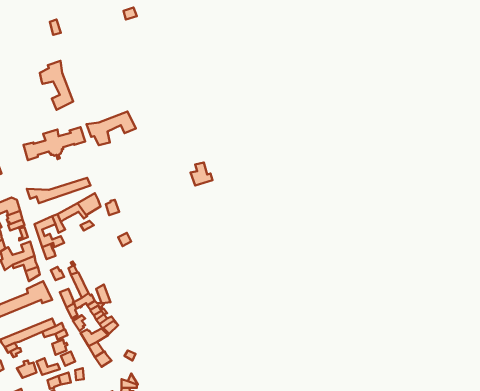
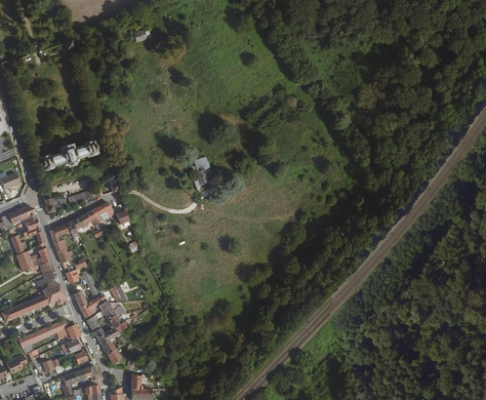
building: [40,61,73,110] -> none
building: [87,112,136,145] -> none

